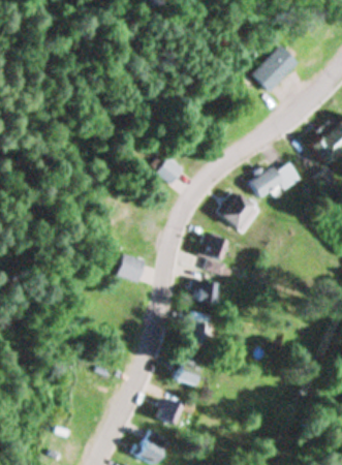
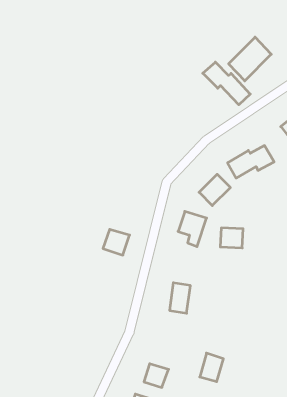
building: none -> [203,62,250,105]
building: [151,159,179,184] -> none
building: [190,281,215,303] -> [220,228,243,248]
building: [175,354,200,385] -> [200,353,223,382]

